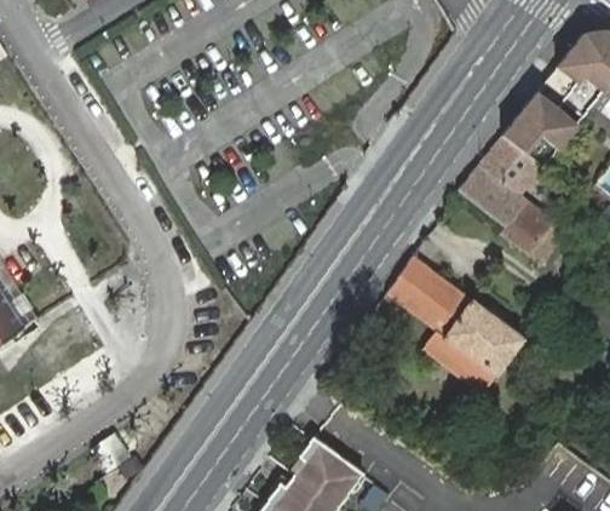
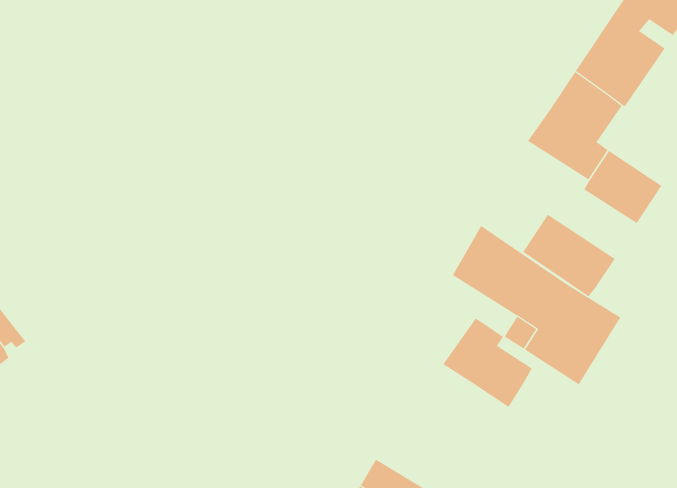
building: none -> [522,214,615,297]
building: none -> [442,317,533,408]

